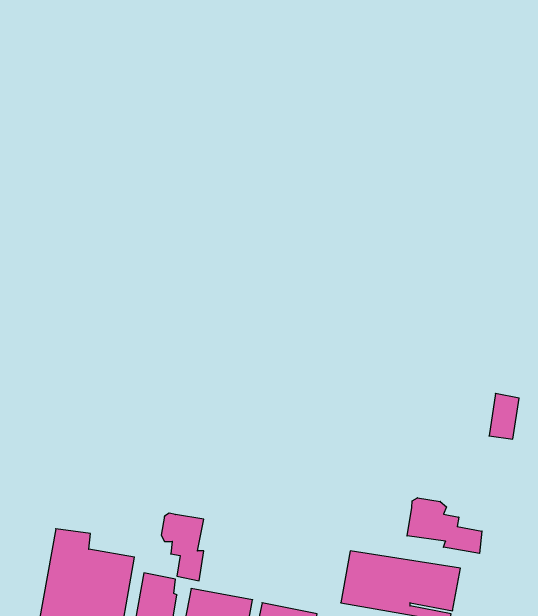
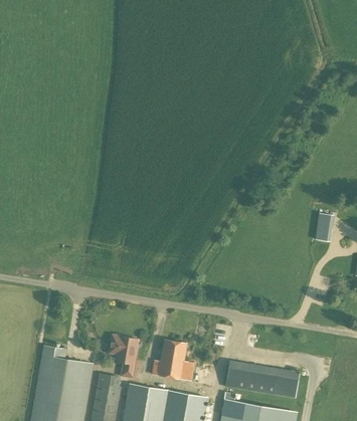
building: [489,393,519,439] -> [315,212,334,241]
building: [407,498,482,553] -> none
building: none -> [152,340,194,381]

